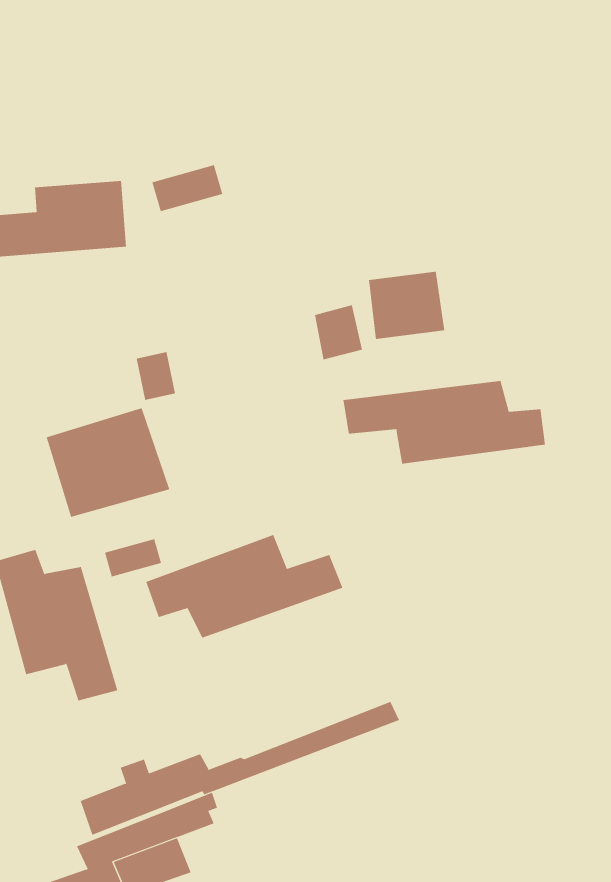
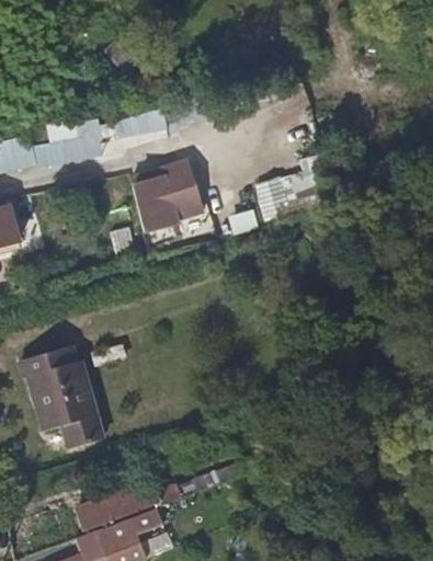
building: [343,380,546,465] -> none
building: [46,408,170,518] -> [133,169,210,238]
building: [145,534,343,638] -> none

